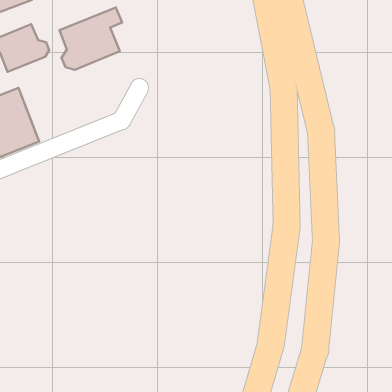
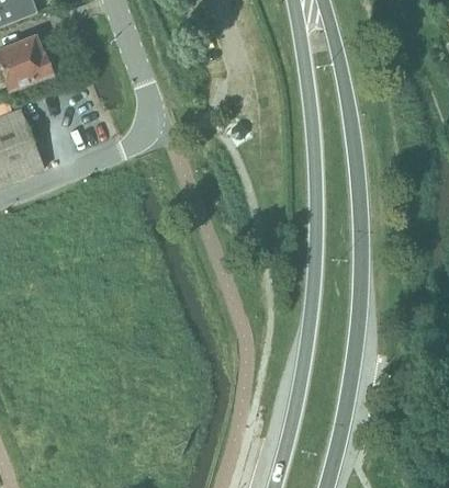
building: [59,7,122,70] -> none

